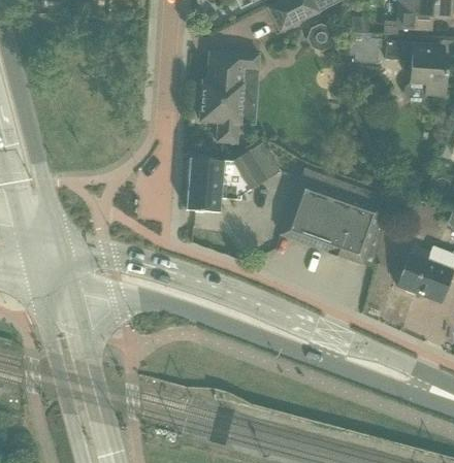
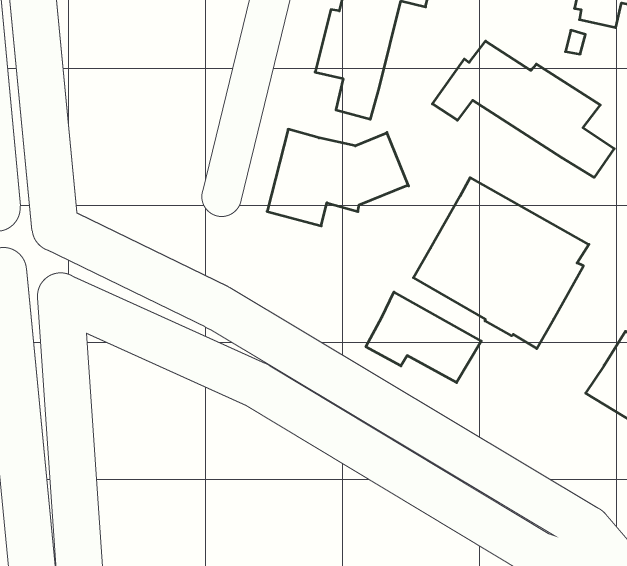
building: none -> [432,41,614,177]
building: none -> [366,292,481,383]

